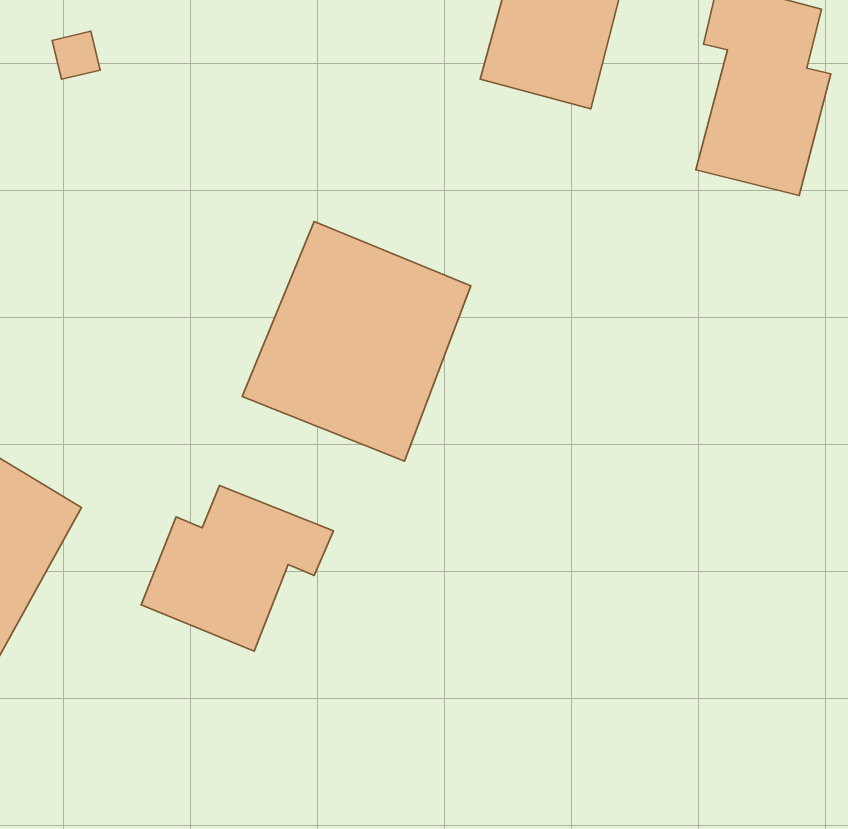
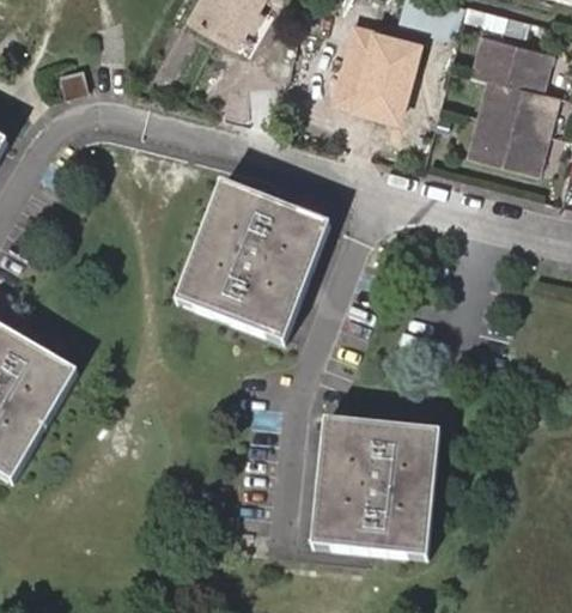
building: [141,486,334,651] -> none
building: none -> [315,419,437,552]

